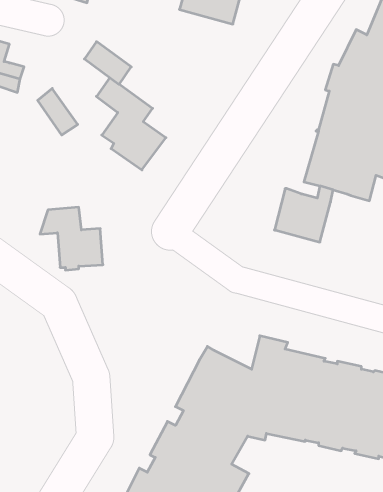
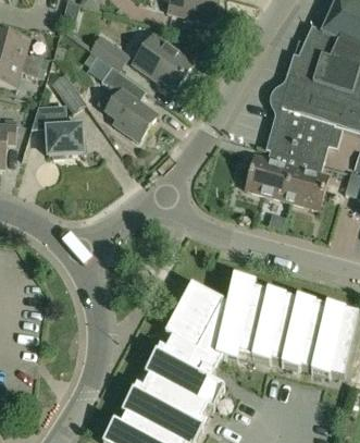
building: none -> [132,34,194,89]
building: none -> [282,157,327,210]
building: [40,207,103,270] -> [32,107,83,158]

